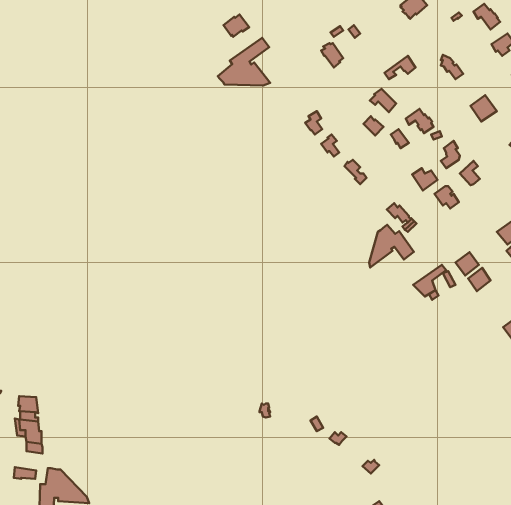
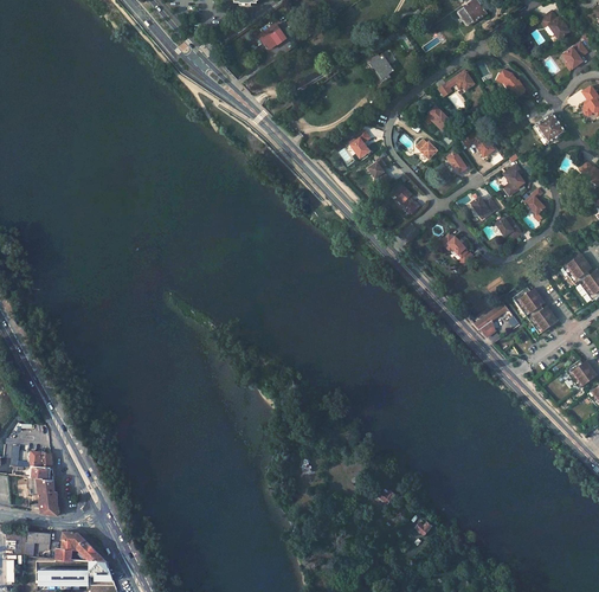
building: [218,38,270,85] -> none
building: [369,225,414,268] -> none

